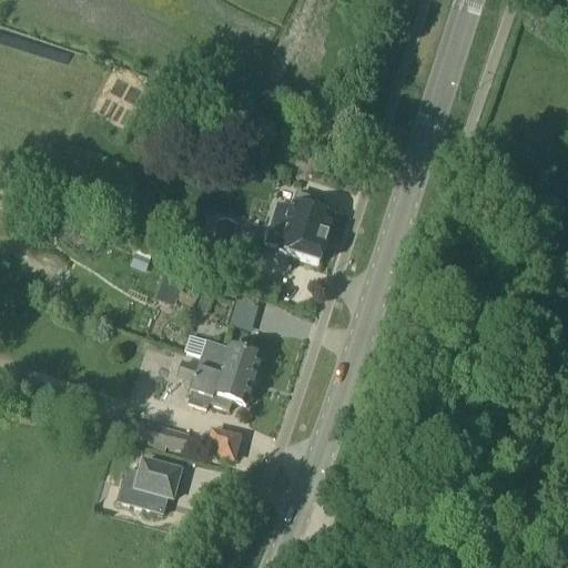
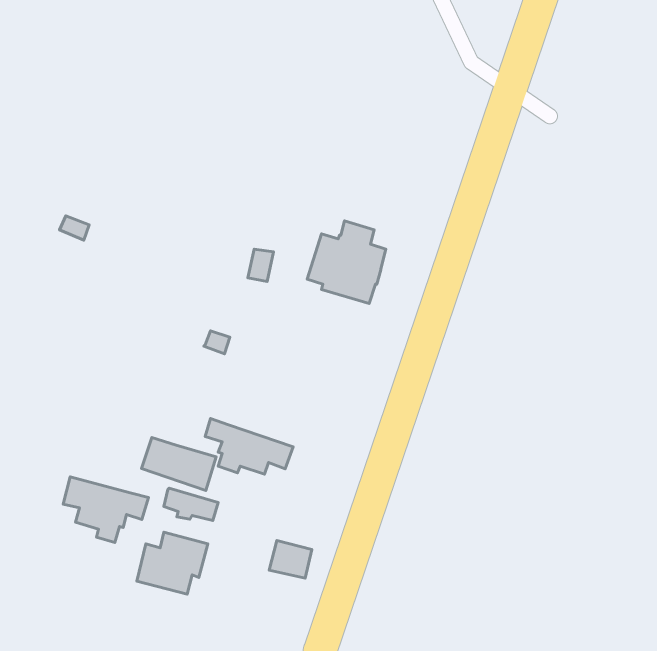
building: [199,338,263,384] -> [141,438,216,491]
building: none -> [63,477,149,542]
building: [204,426,241,458] -> [269,541,312,578]

